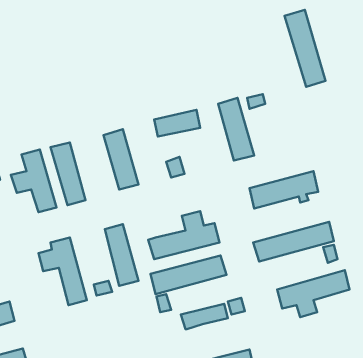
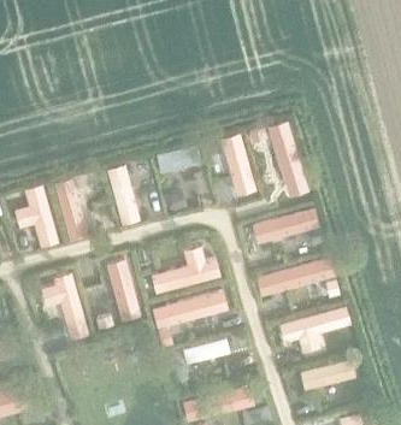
building: [284,10,325,87] -> [266,120,307,197]

